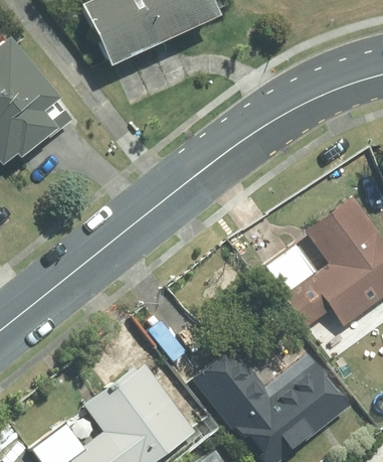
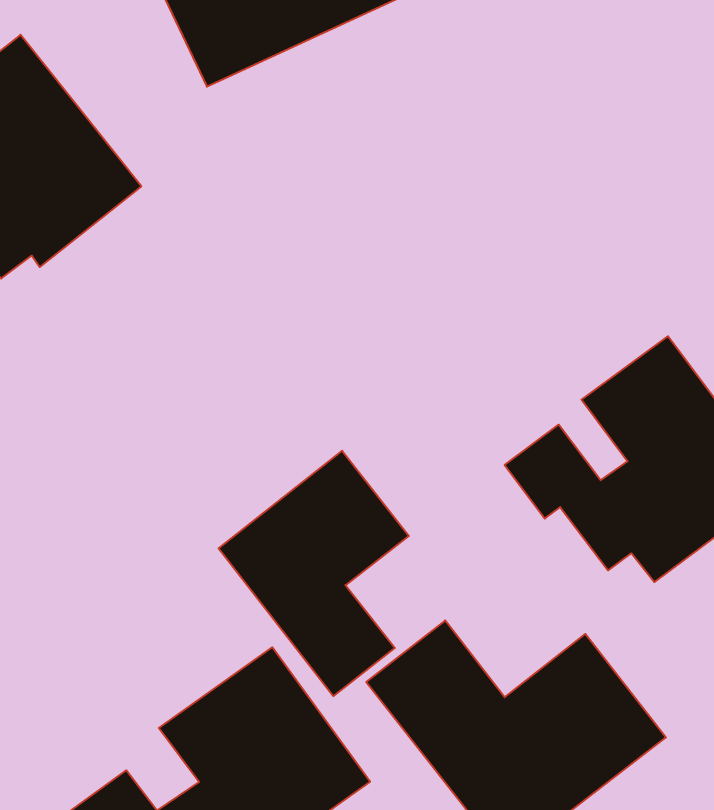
building: none -> [219,451,409,696]

